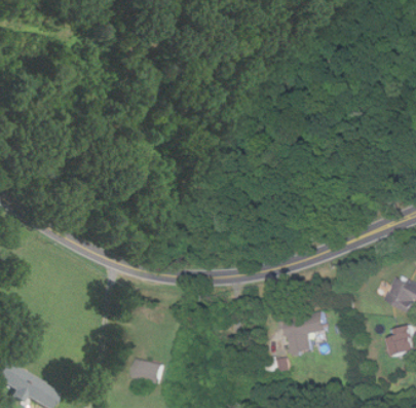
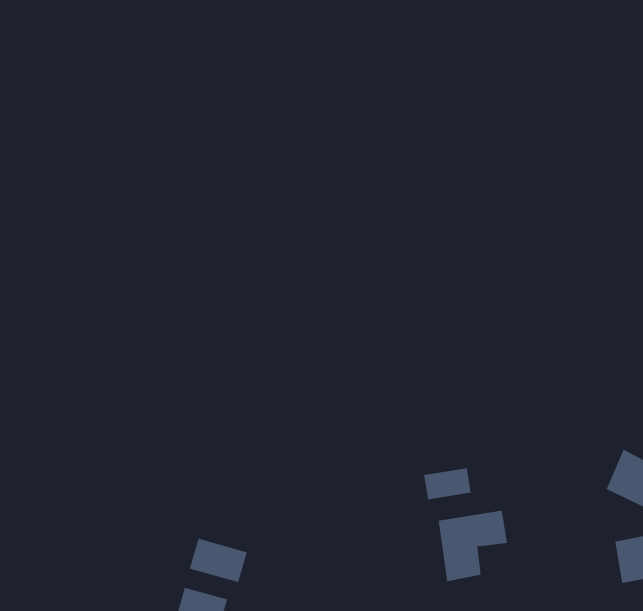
building: none -> [424,468,471,500]
building: none -> [189,538,247,583]

